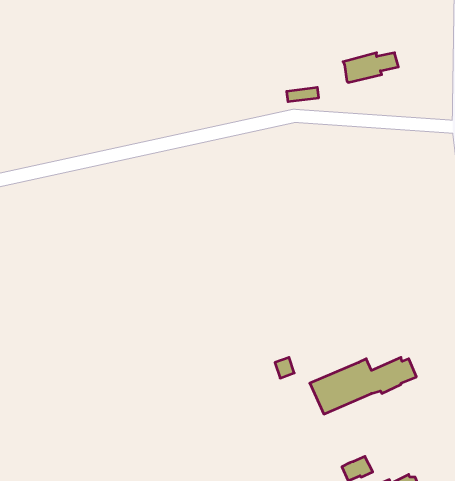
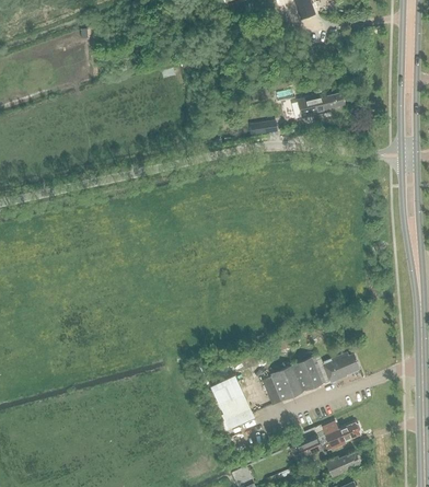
building: none -> [212,374,253,428]
building: none -> [321,421,359,450]

